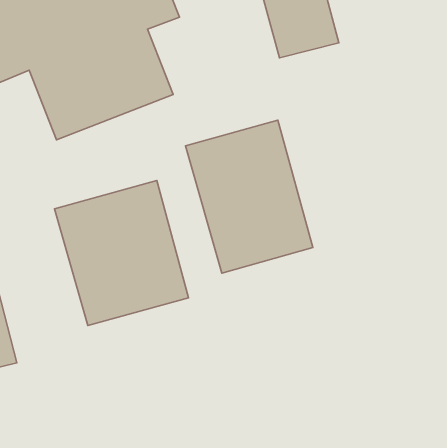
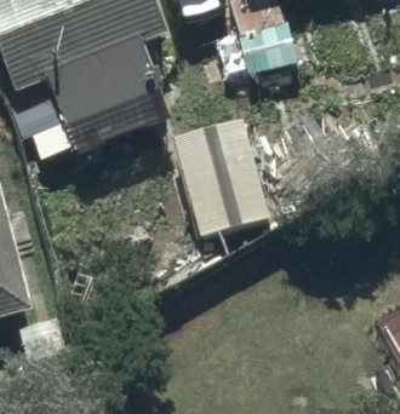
building: [55,180,189,325] -> none

